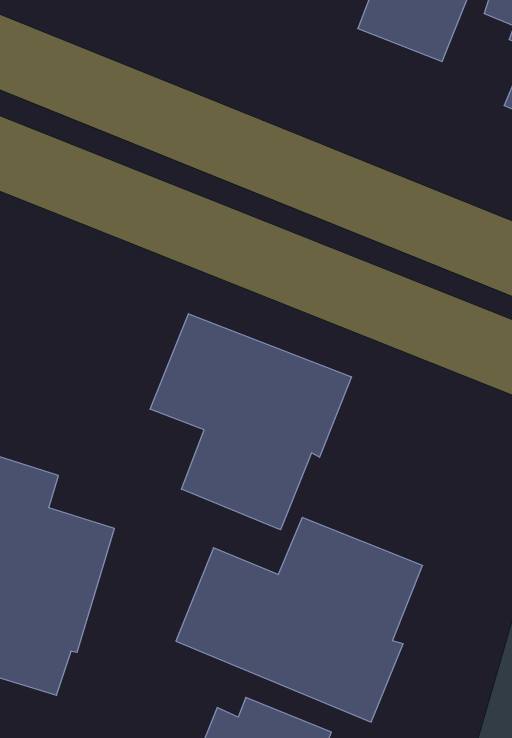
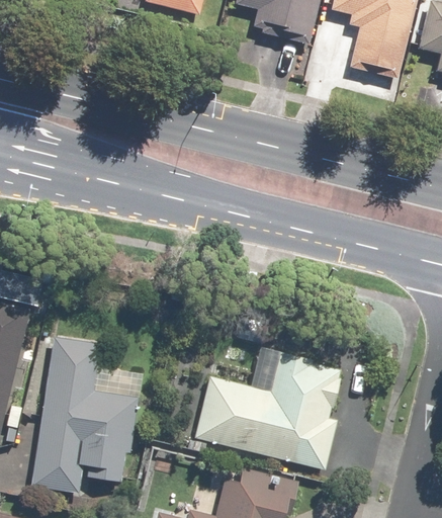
building: [150,314,351,530] -> none

